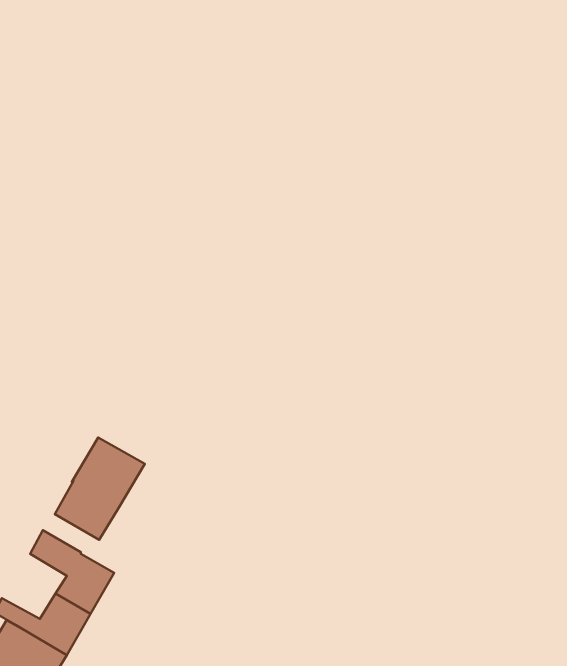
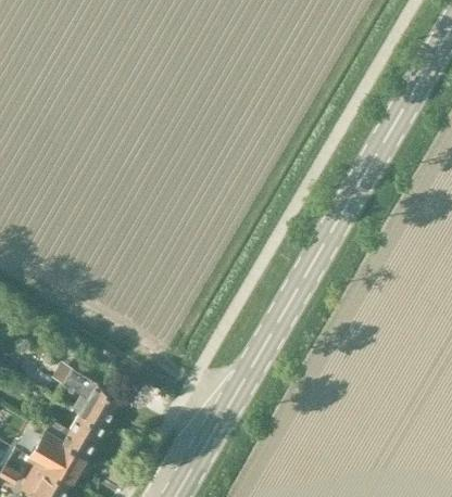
building: [55,438,145,540] -> none

